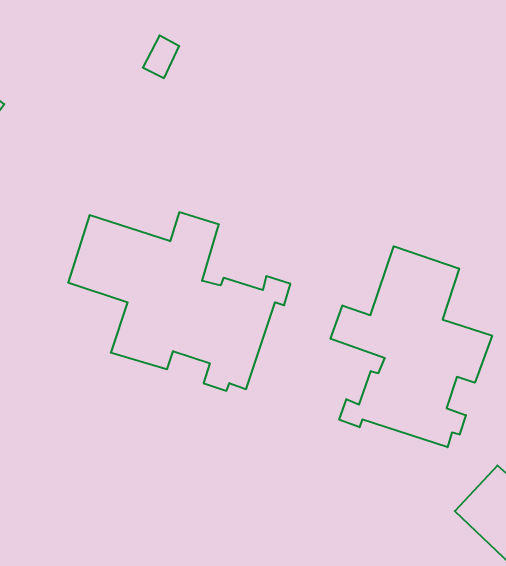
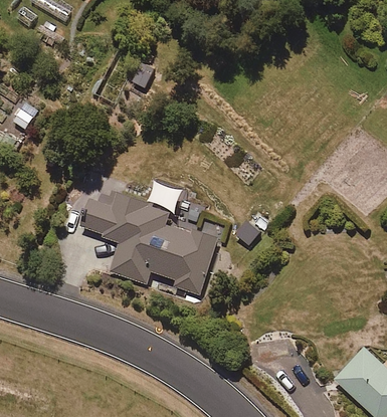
building: [331,246,492,447] -> none

